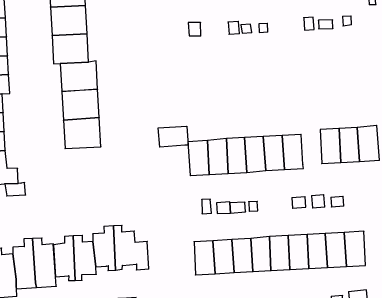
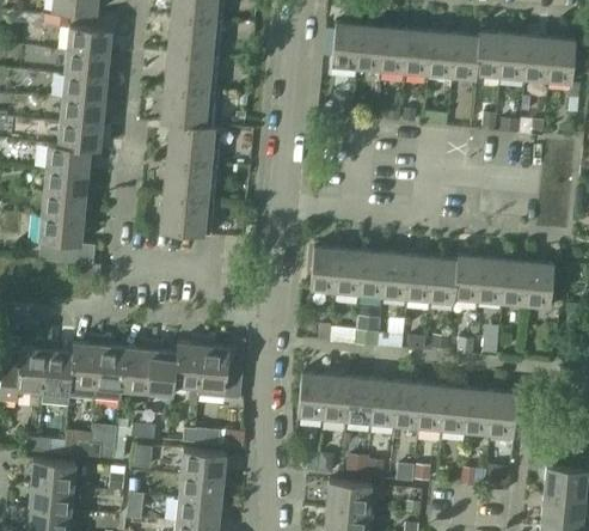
building: [158,126,188,147] -> none
building: none -> [455,256,484,301]

